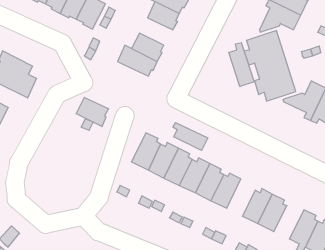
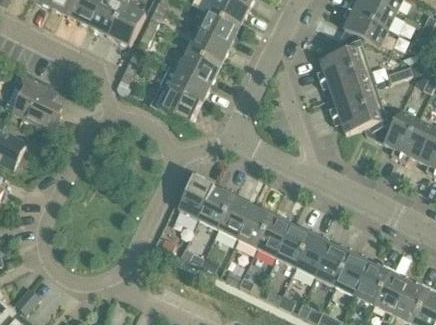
building: none -> [188,32,229,66]
building: [229,43,254,87] -> none
building: [76,97,109,127] -> [159,90,199,126]
building: [173,123,208,150] -> none
building: none -> [296,231,331,277]
building: none -> [354,262,391,305]

